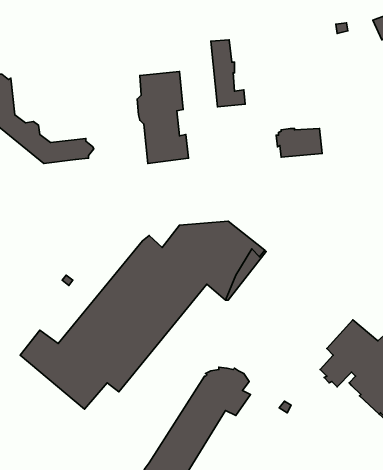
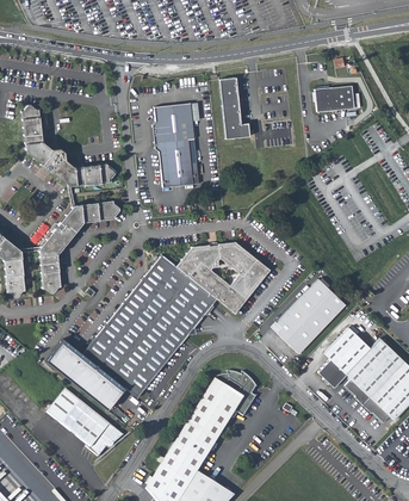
building: [276,128,322,157] -> [312,87,354,113]
building: none -> [39,202,120,295]
building: none -> [275,277,345,352]
building: none -> [48,388,123,453]

